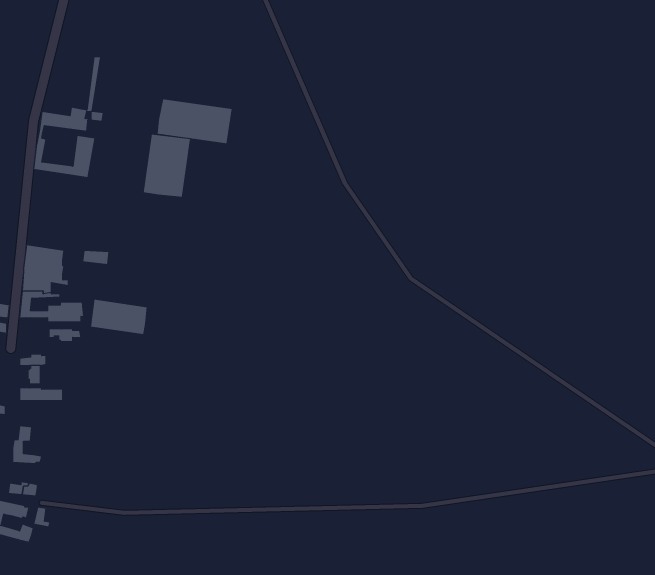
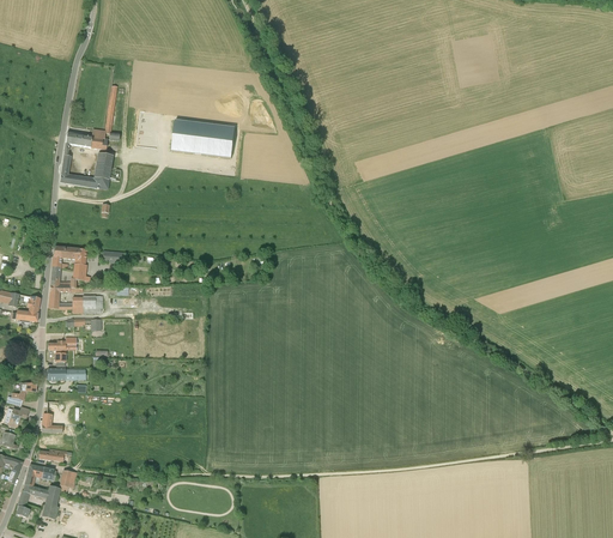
building: [143,134,190,198] -> none
building: [91,299,147,335] -> none

